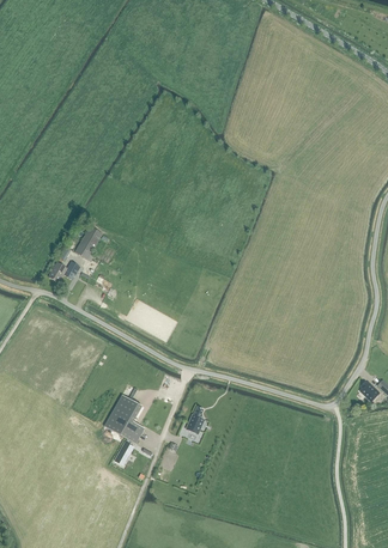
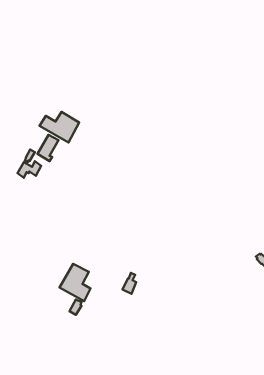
building: none -> [39,112,79,142]

